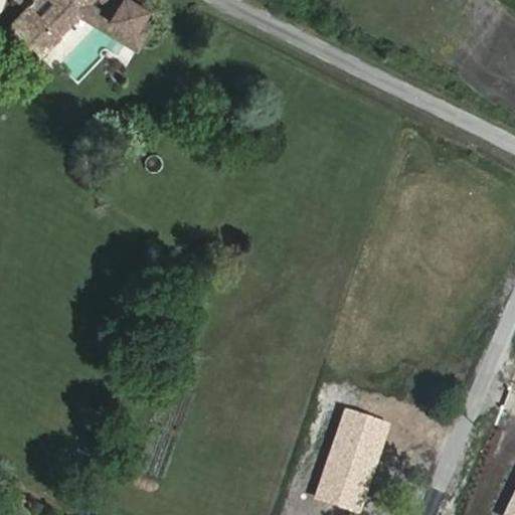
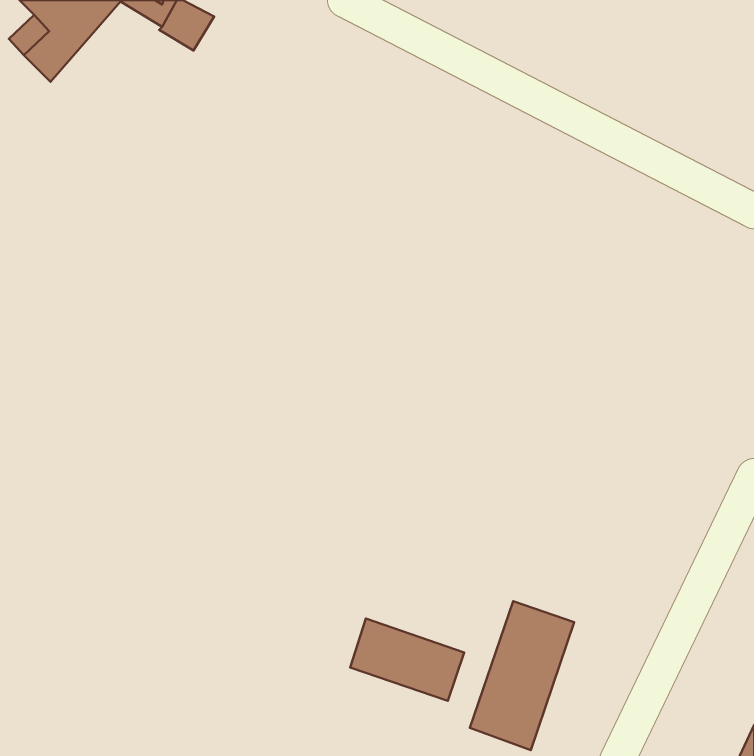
building: none -> [350,618,464,701]

